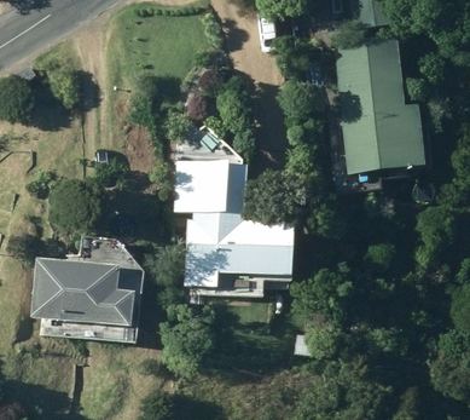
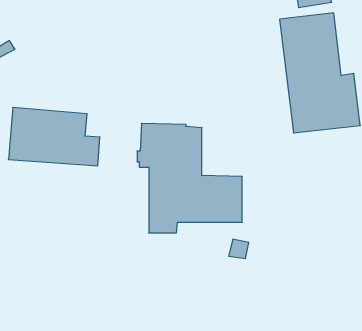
building: [30,259,134,326] -> [8,107,100,166]

